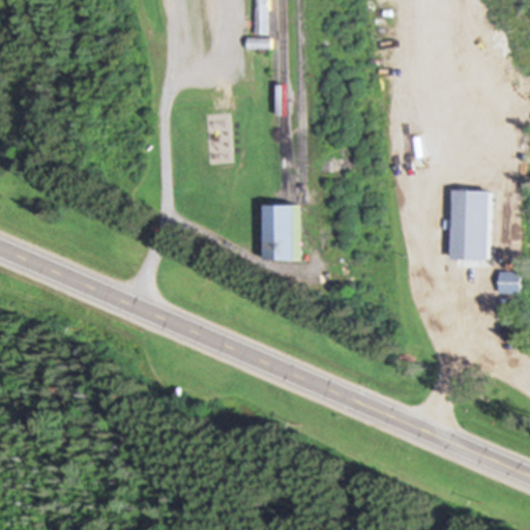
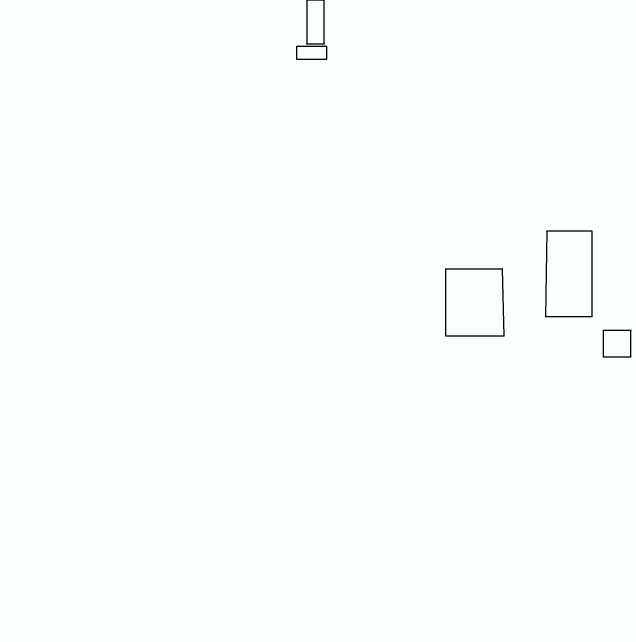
building: [263,204,297,260] -> none
building: none -> [446,269,504,336]

